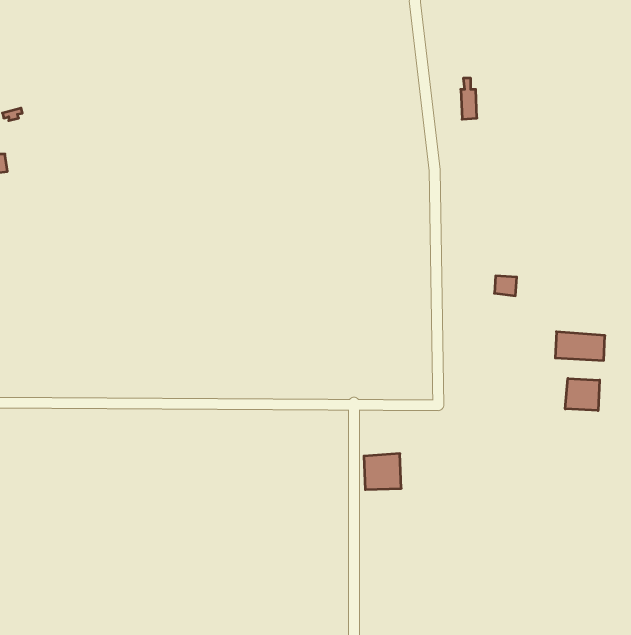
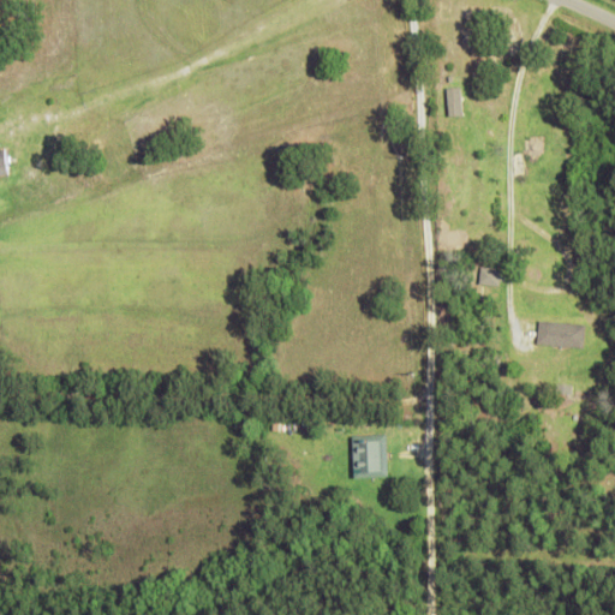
building: [565,378,600,411] -> none

